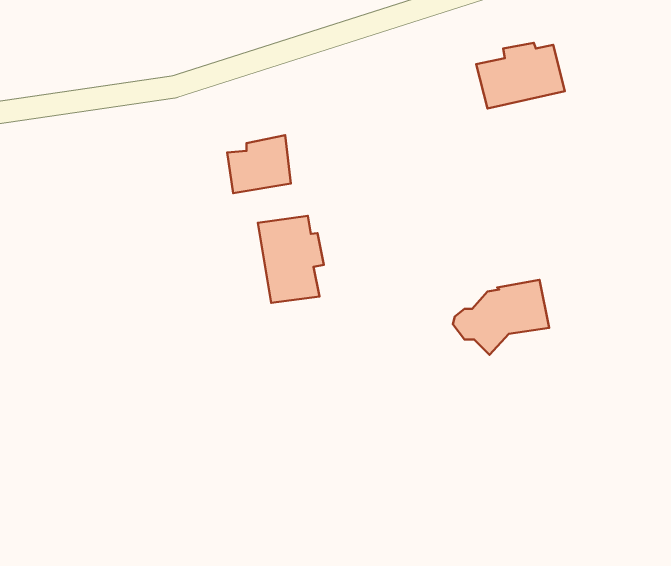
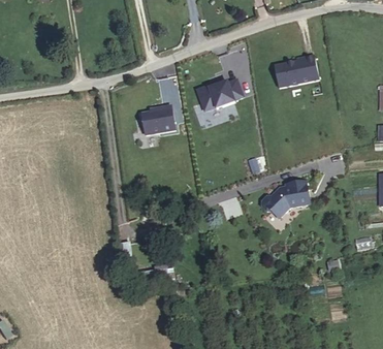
building: none -> [194,77,243,112]
building: [258,216,324,303] -> none

